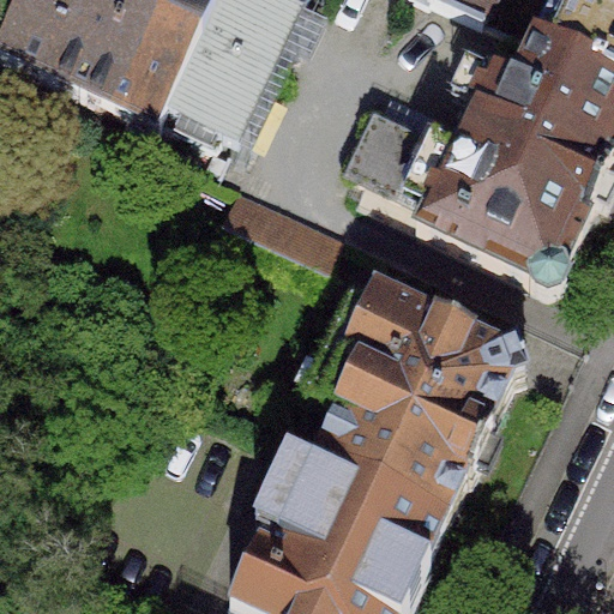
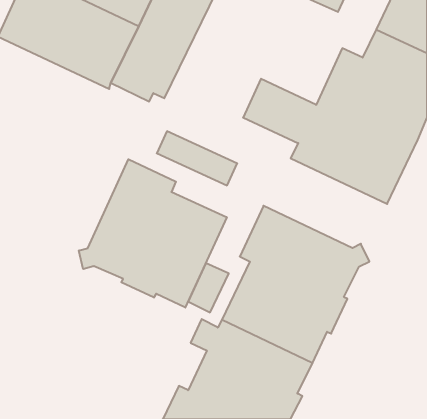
building: none -> [79,159,227,308]

